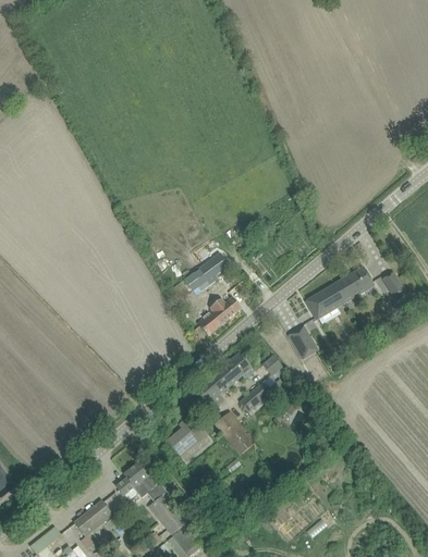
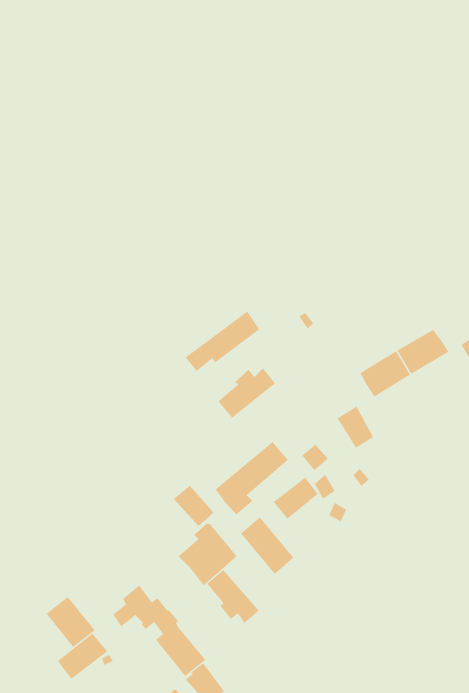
building: none -> [173,485,214,527]
building: none -> [206,569,259,624]
building: none -> [46,596,95,648]

